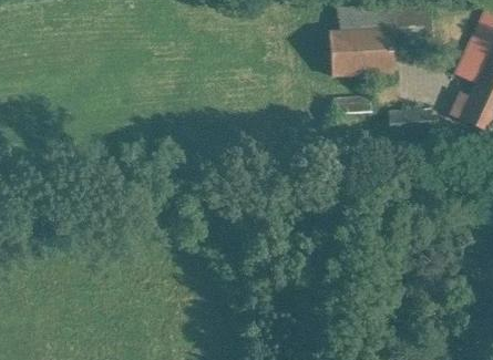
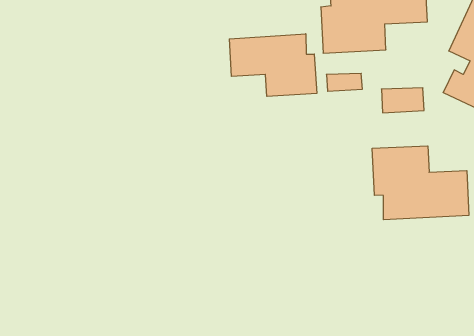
building: none -> [229,34,317,96]
building: none -> [372,146,469,220]

